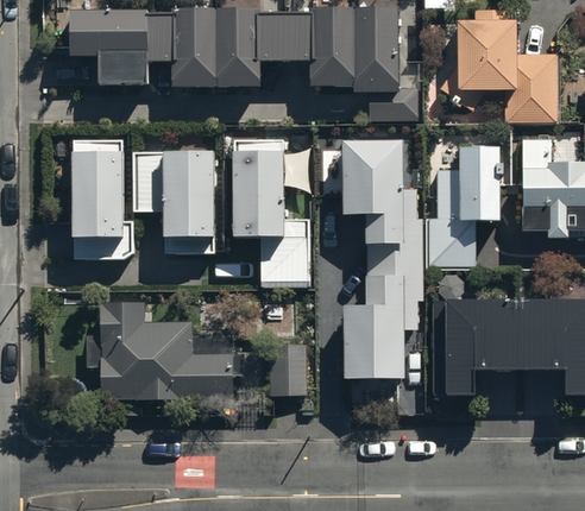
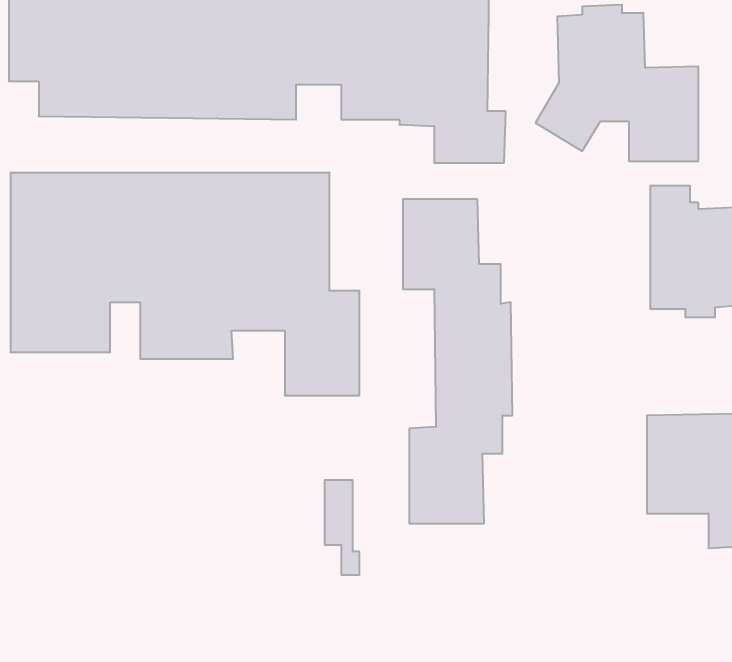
building: [430,139,503,264] -> none
building: [434,299,520,395] -> none
building: [88,318,241,397] -> none

